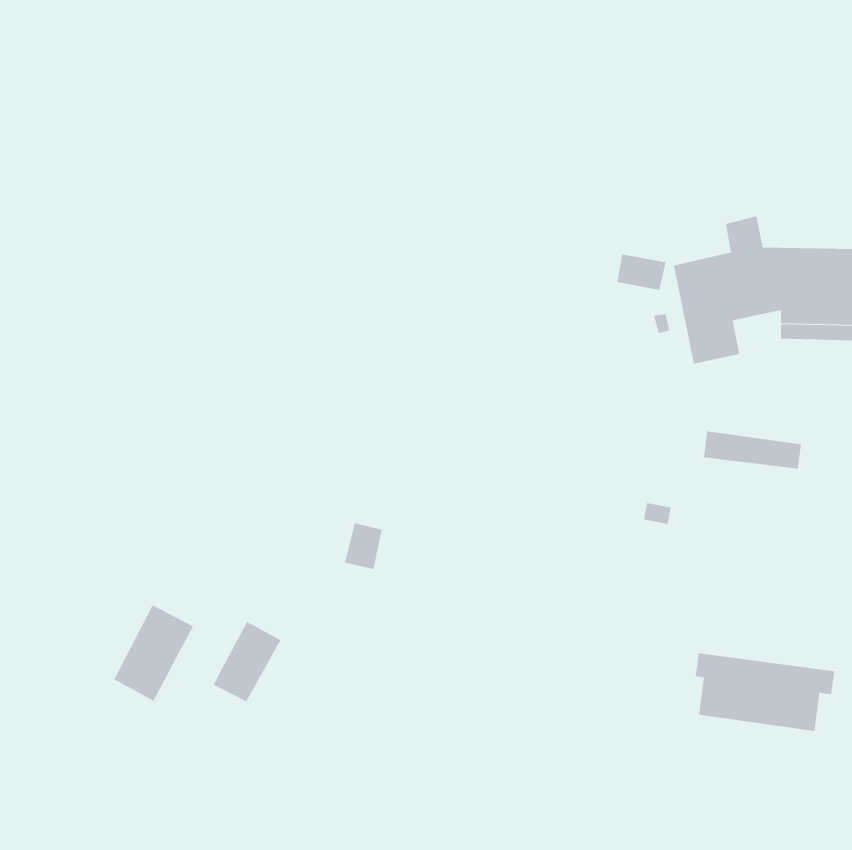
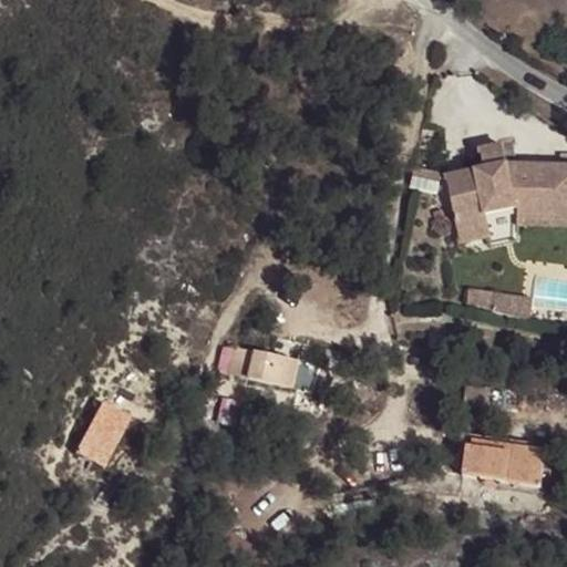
building: none -> [249,351,299,388]
building: [213,621,281,702] -> none

